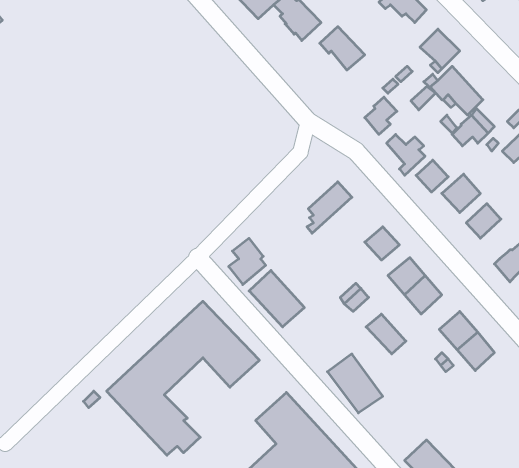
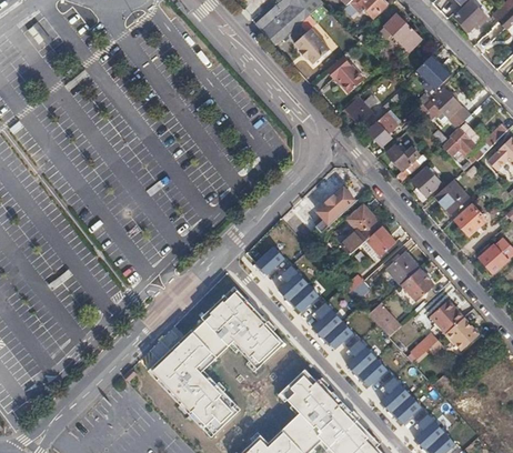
building: none -> [348,94,379,124]
building: none -> [338,205,384,259]
building: none -> [308,301,351,350]
building: none -> [369,373,420,424]

